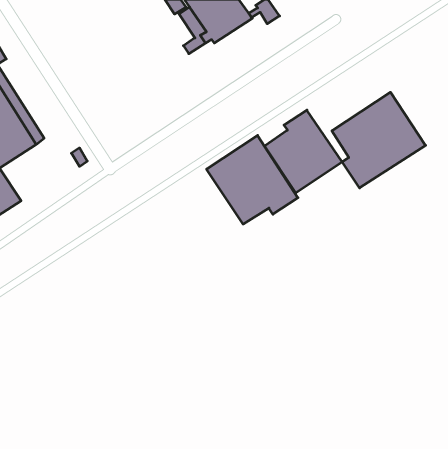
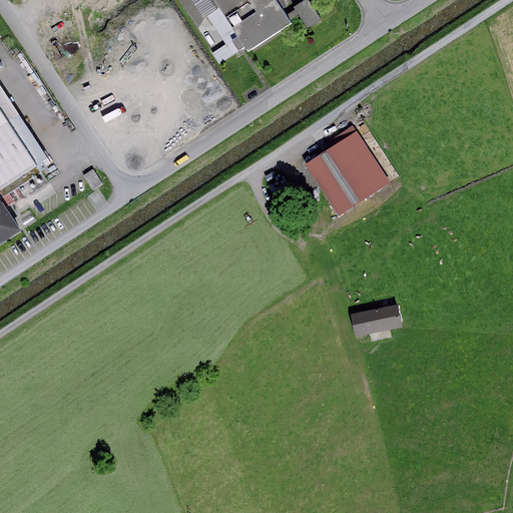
building: [332,92,426,188] -> none
building: [207,135,298,224] -> none
building: none -> [347,305,399,336]

